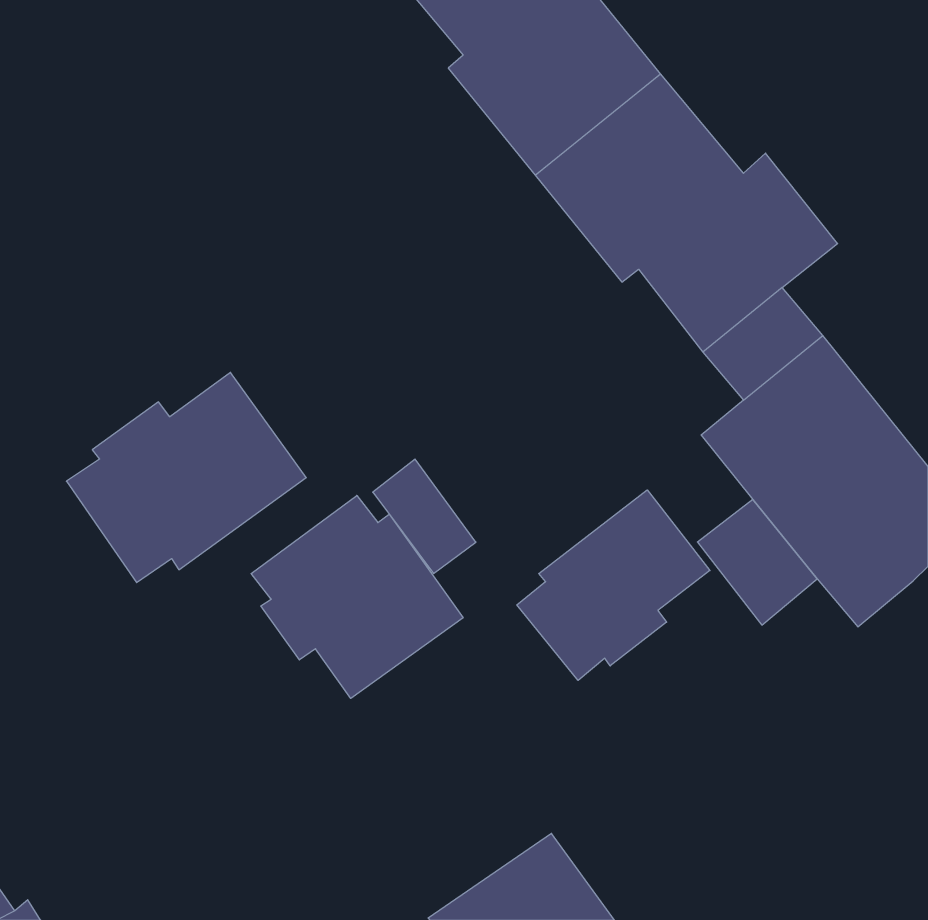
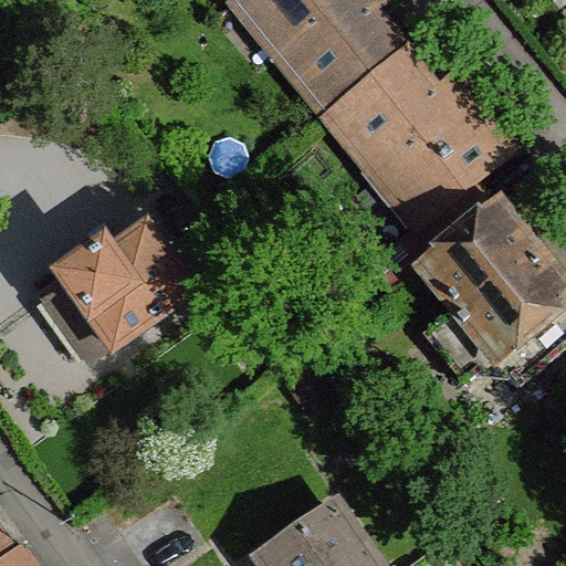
building: [517,490,710,680] -> none
building: [251,495,463,698] -> none

